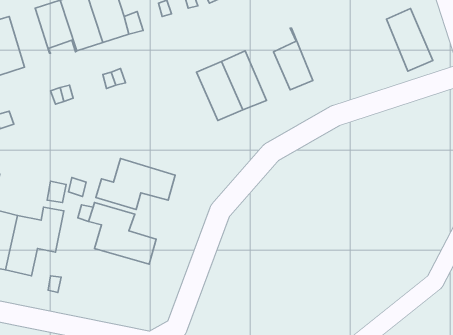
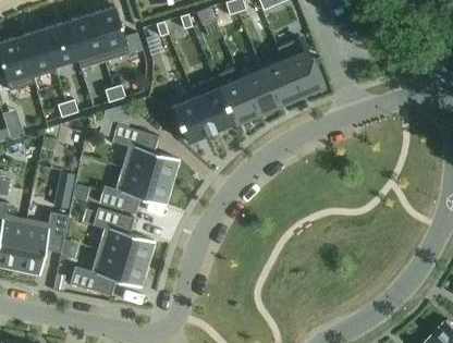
building: none -> [19,29,56,84]
building: [387,8,433,71] -> [278,38,320,96]
building: none -> [235,69,277,114]
building: none -> [171,88,210,144]
building: none -> [111,124,177,183]
building: none -> [69,250,147,296]

